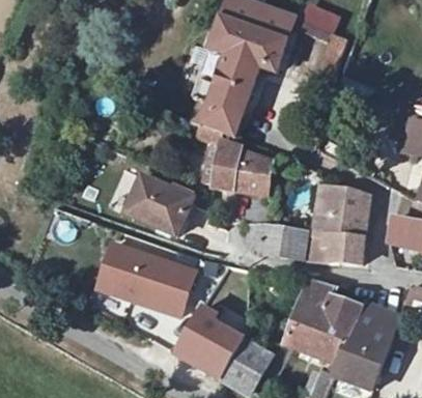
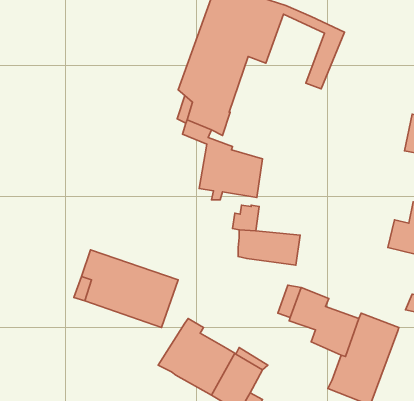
building: [125,174,192,233] -> none
building: [308,184,369,261] -> none
building: [284,309,345,364] -> none

